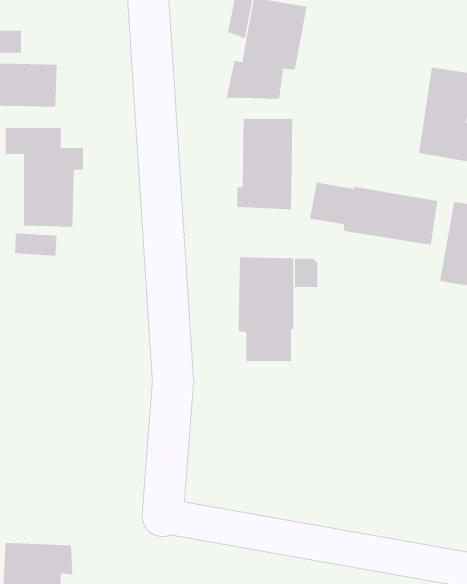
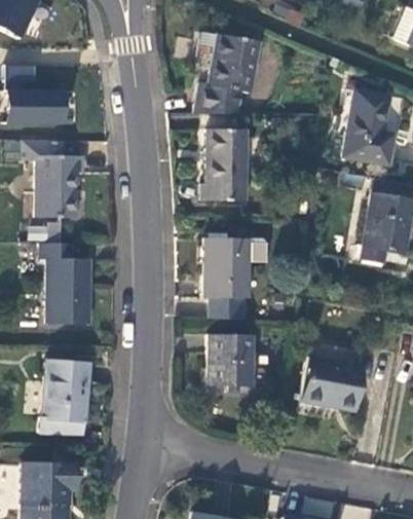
building: [309,182,438,245] -> none
building: none -> [42,242,89,322]
building: none -> [210,336,267,386]
building: none -> [304,342,363,410]
building: none -> [38,360,86,433]

